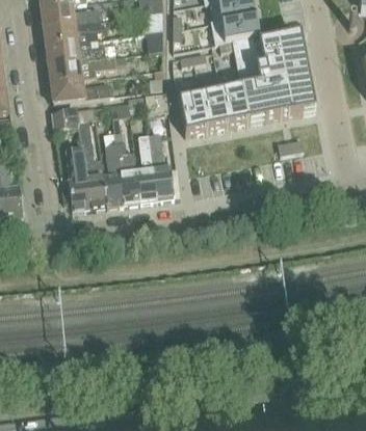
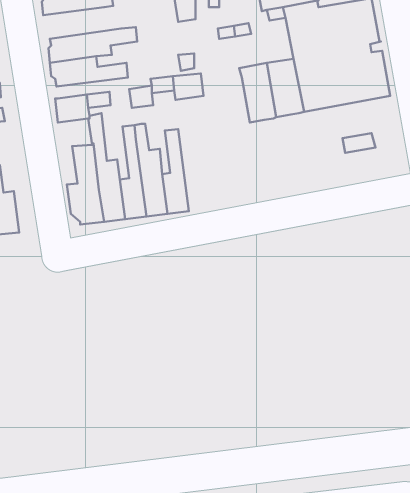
building: [44,39,105,64] -> none
building: [179,95,206,134] -> none
building: [150,133,175,199] -> none

